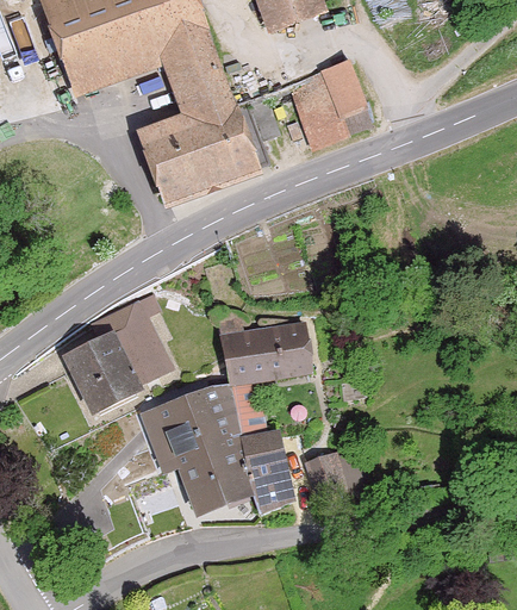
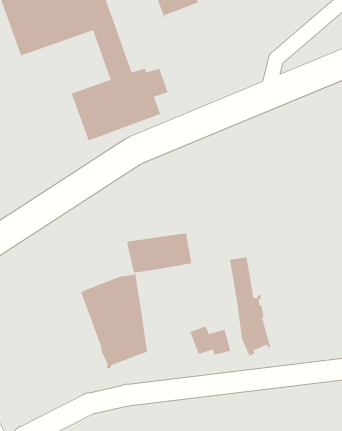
building: [288,75,357,154] -> none
building: [71,319,166,411] -> none
building: [232,378,289,515] -> [229,257,271,356]

